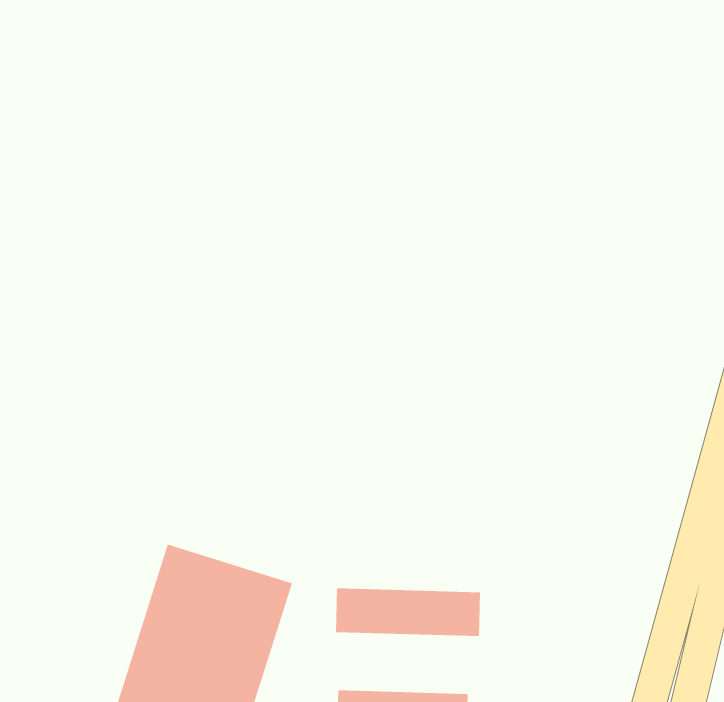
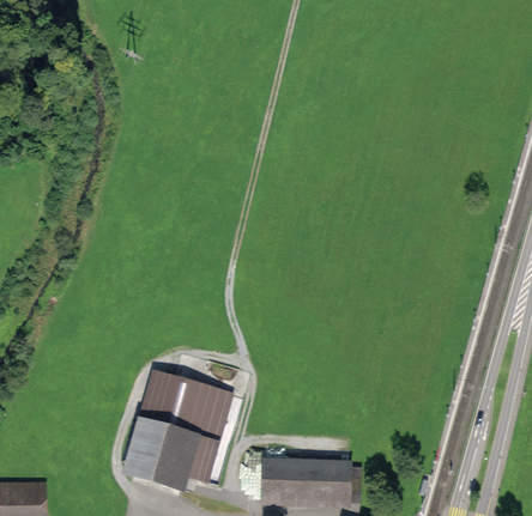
building: [336,588,481,637] -> none

